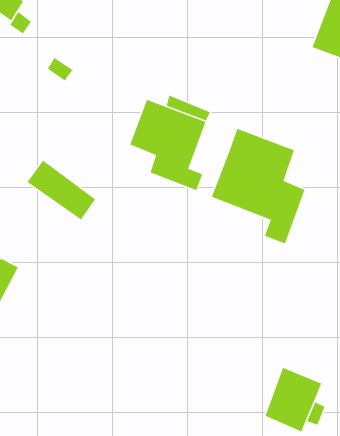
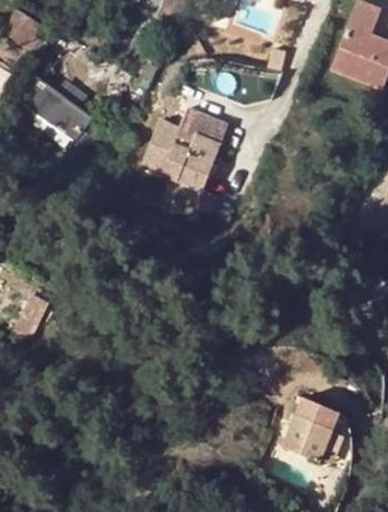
building: [211,128,305,244] -> none
building: [27,159,96,221] -> [21,76,92,139]

